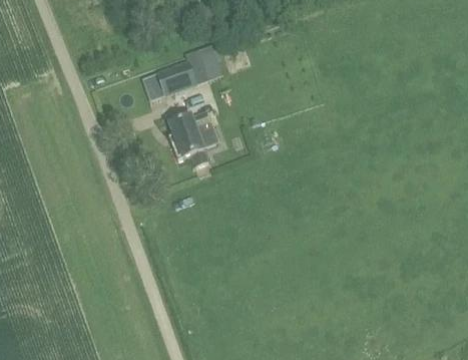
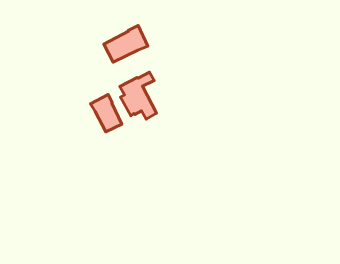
building: none -> [90,94,122,132]

